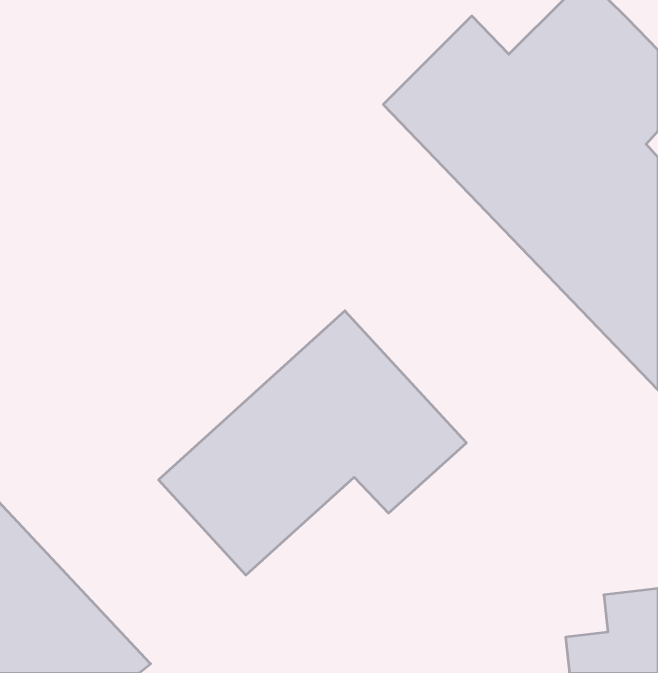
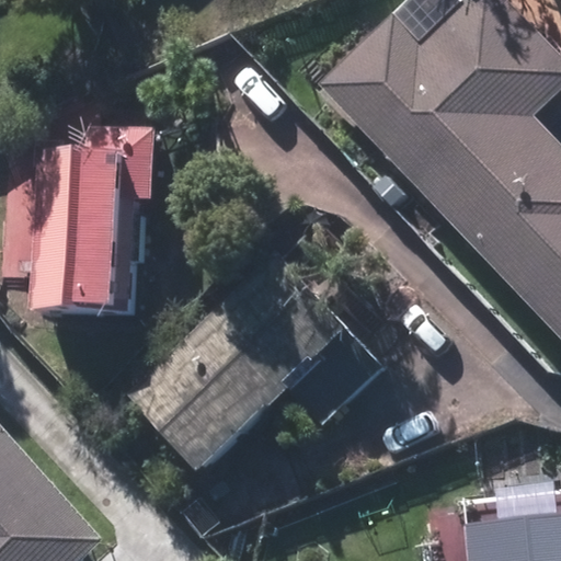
building: none -> [36,133,161,307]

